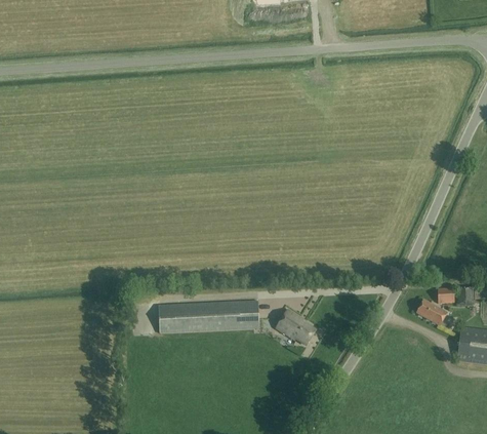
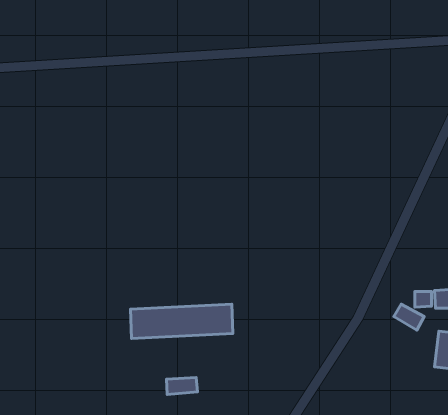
building: [276,310,316,345] -> none
building: none -> [167,377,197,394]

